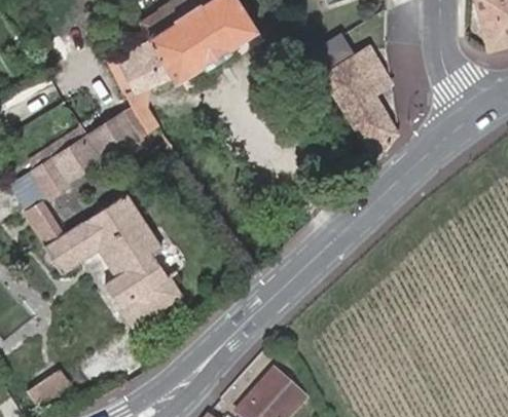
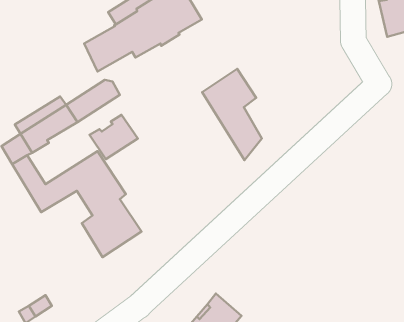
building: [325,46,399,159] -> [202,69,262,160]
building: none -> [90,115,138,159]

